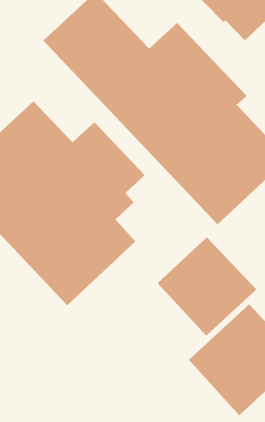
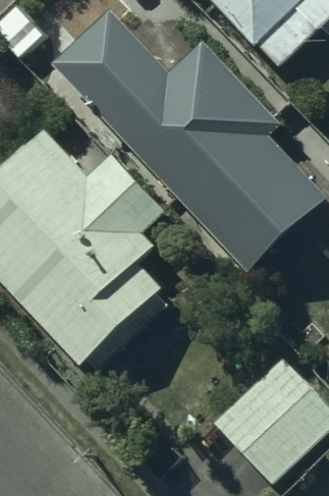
building: [157,237,257,337] -> none

